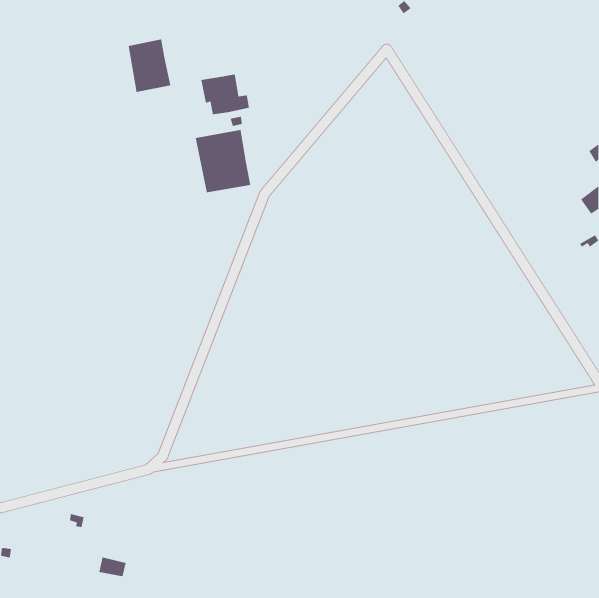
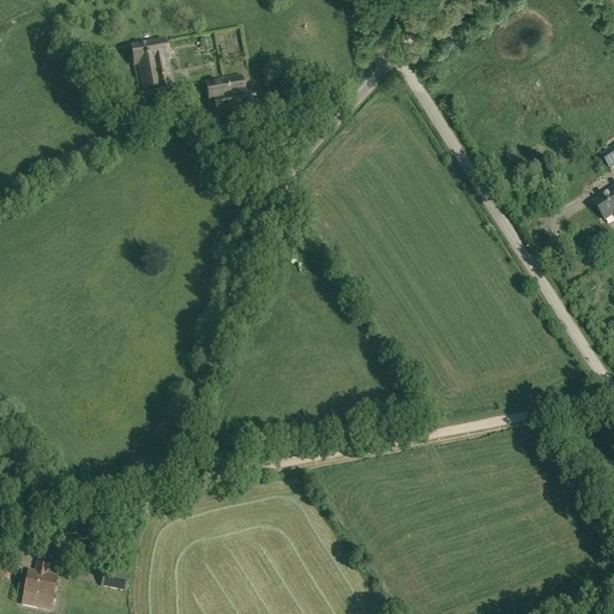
building: [195,129,251,193] -> none
building: none -> [23,562,58,603]

